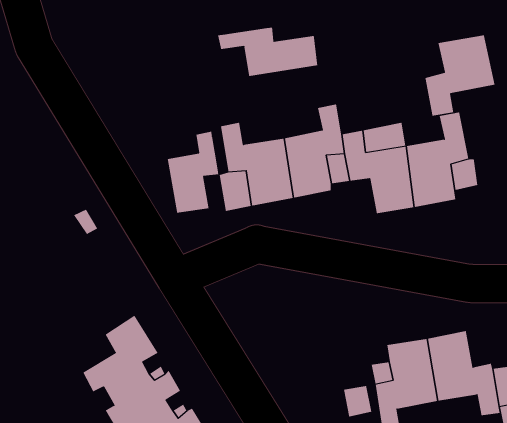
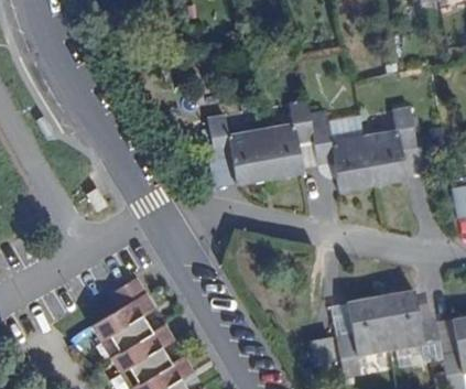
building: [218,27,318,77] -> none
building: [425,34,495,117] -> none
building: [167,131,219,214] -> none

